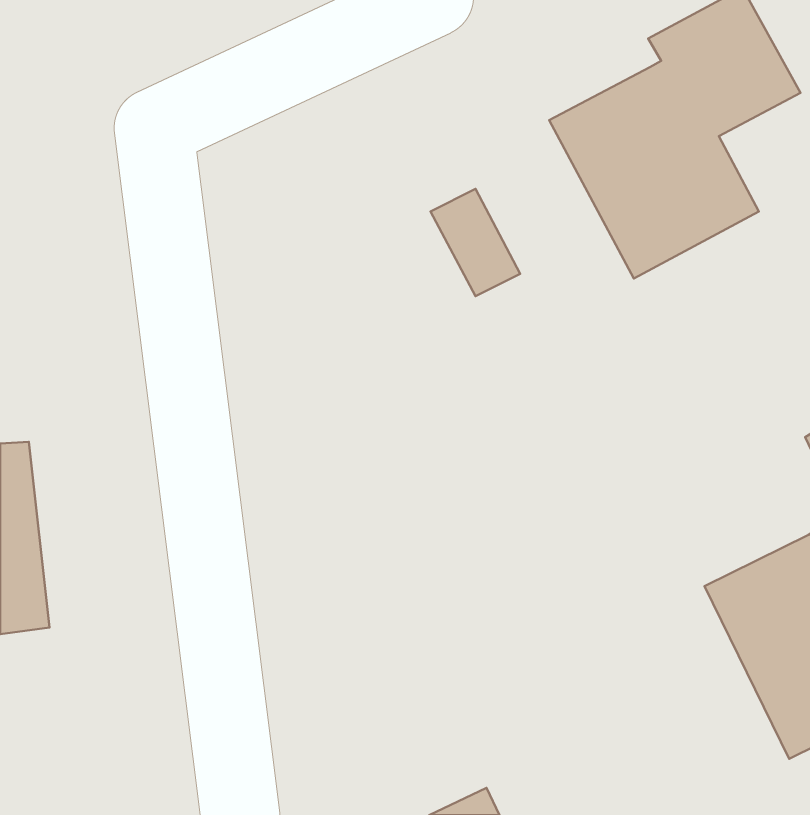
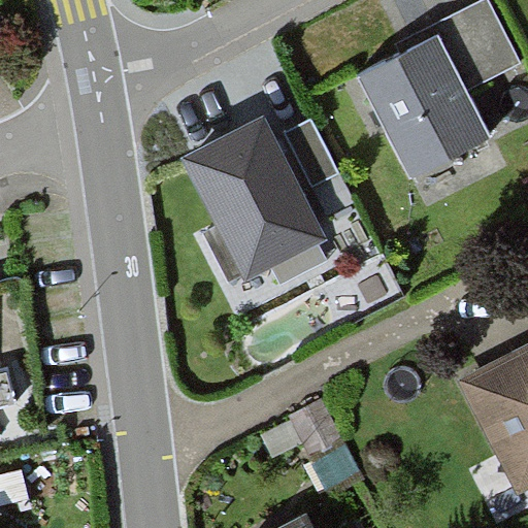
building: none -> [175,124,323,286]

